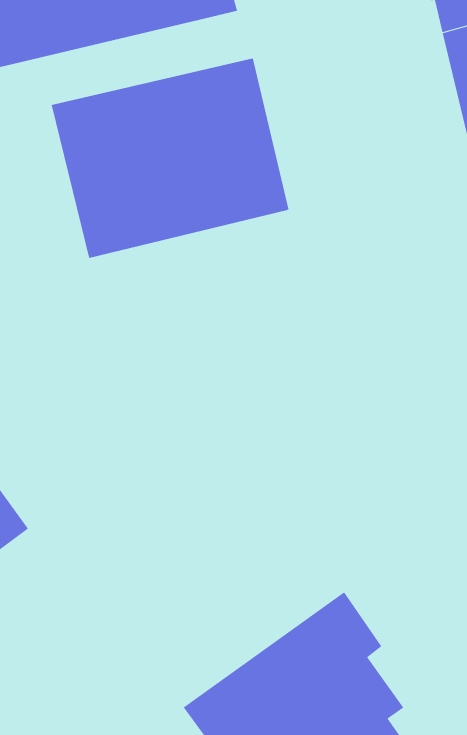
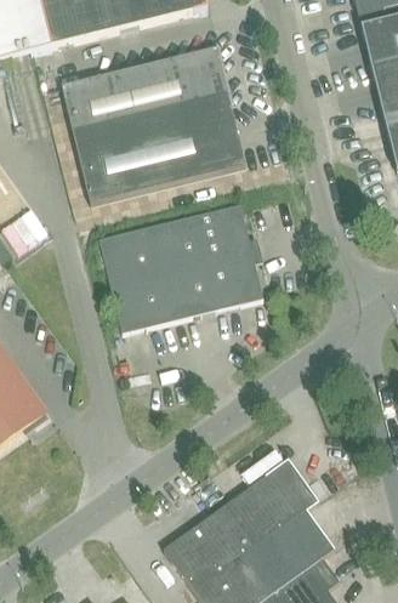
building: none -> [100,204,263,331]

